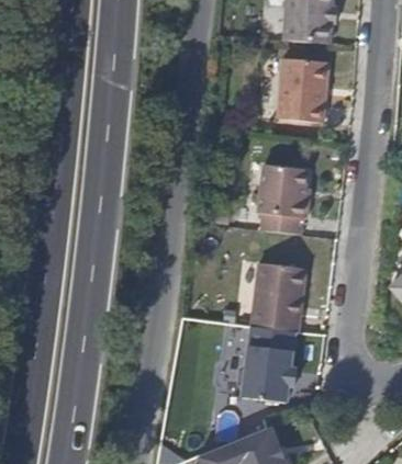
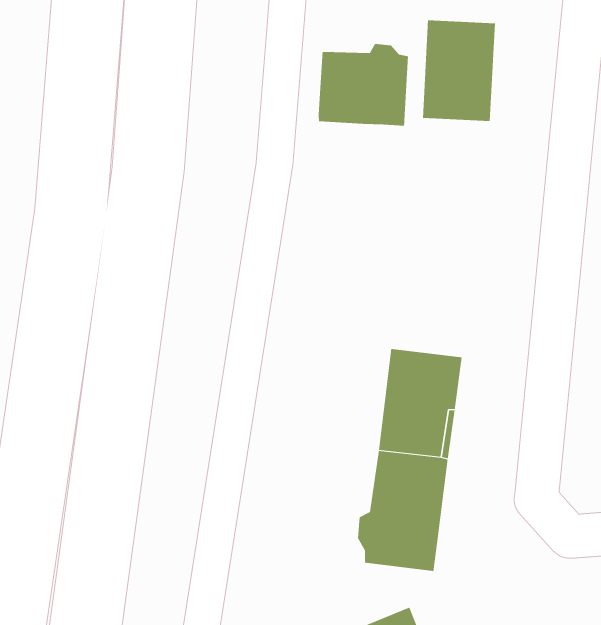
building: none -> [318,43,408,126]
building: [256,167,306,222] -> none

